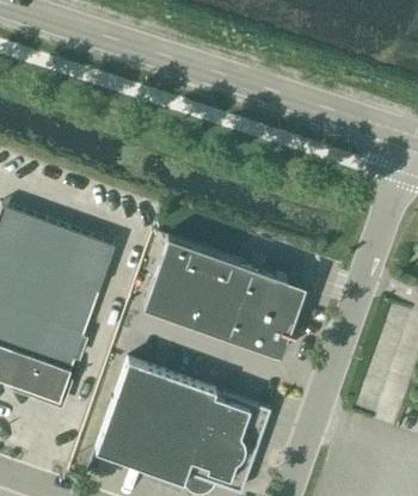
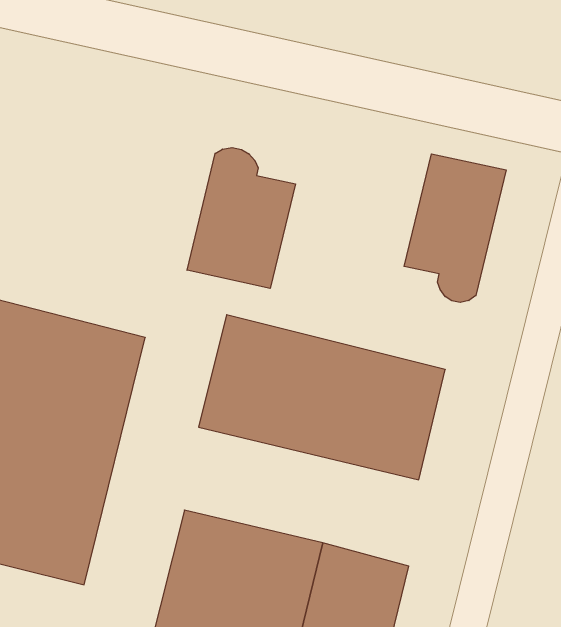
building: none -> [187,148,295,288]
building: none -> [404,154,506,302]

